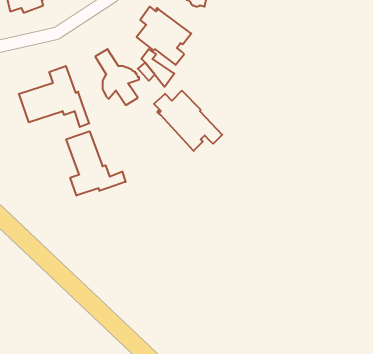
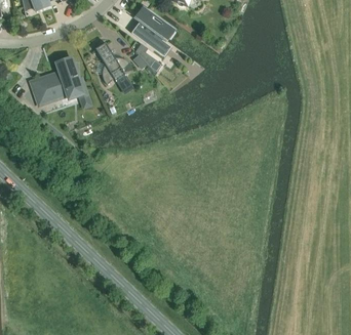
building: [154,91,222,151] -> none
building: [66,131,126,196] -> none

